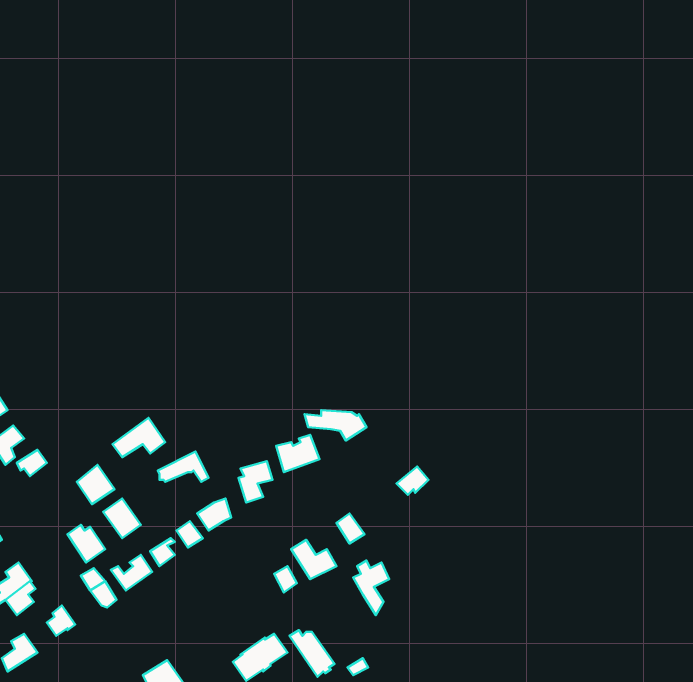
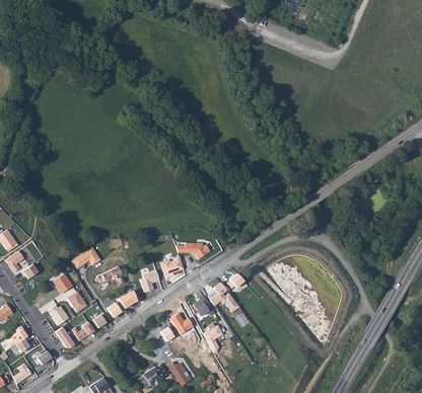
building: none -> [208,283,239,312]

